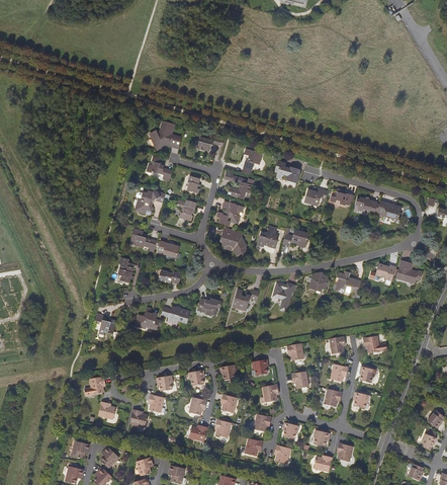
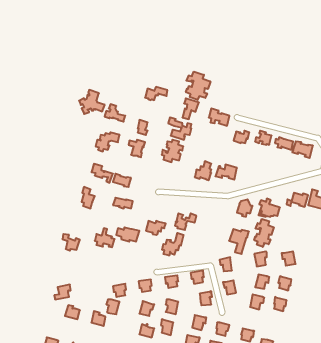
building: none -> [186,72,210,100]
building: [150,119,181,149] -> [79,90,105,114]
building: [220,227,247,255] -> none
building: [271,281,295,312] -> [229,229,249,254]
building: none -> [254,219,274,247]
building: none -> [162,233,184,256]

